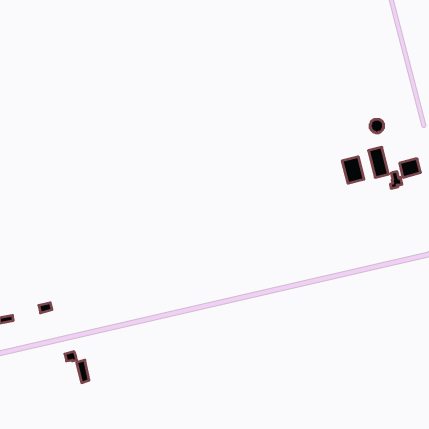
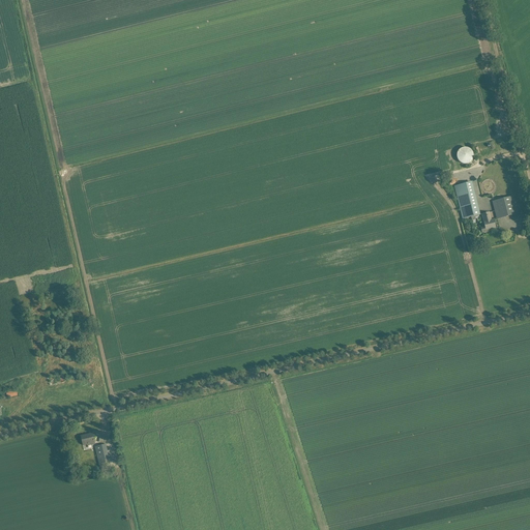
building: [342,157,364,183] -> none

